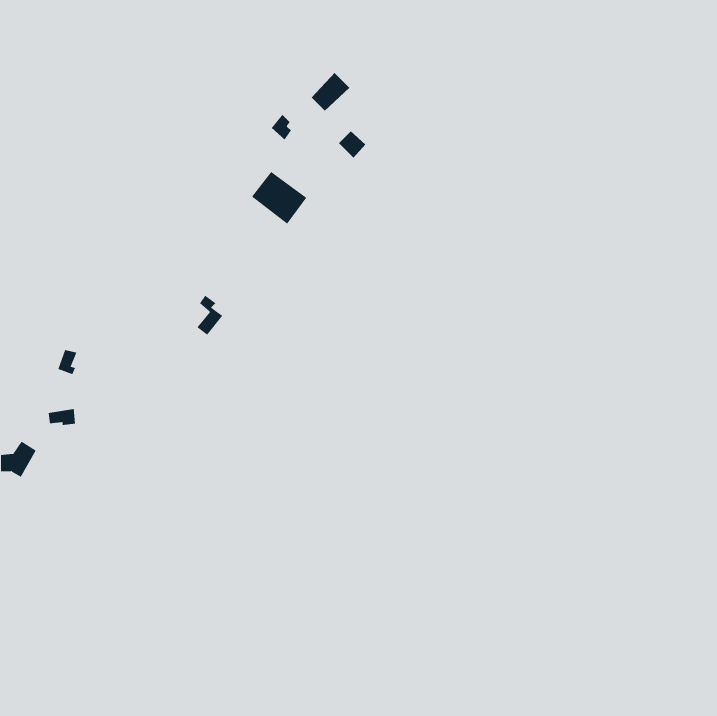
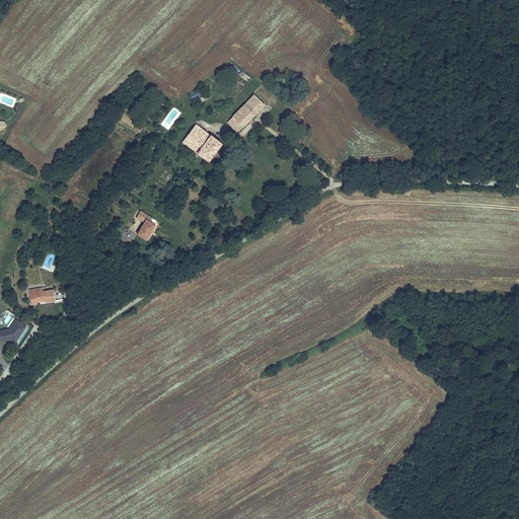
building: [311,72,350,112] -> [227,103,255,132]

